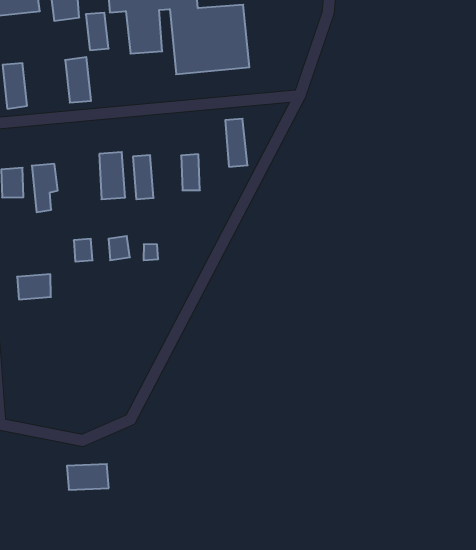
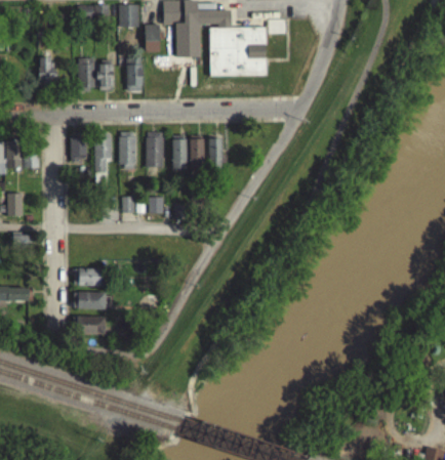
building: none -> [97,65,114,90]
building: [225,119,248,167] -> [190,135,204,171]
building: none -> [120,132,135,169]
building: [17,274,51,299] -> [76,268,102,286]
building: none -> [74,292,107,309]
building: [67,464,109,490] -> [76,316,107,335]

